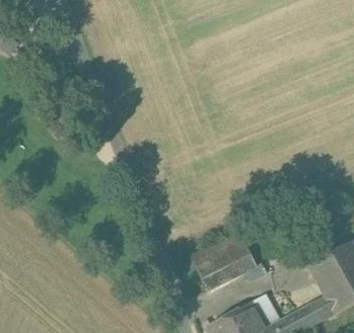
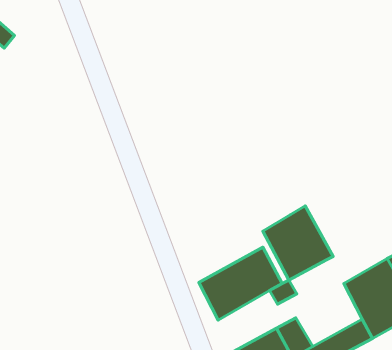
building: none -> [263,206,333,280]

